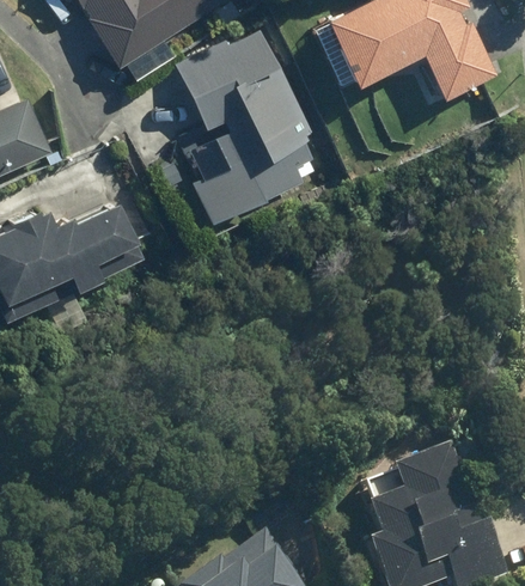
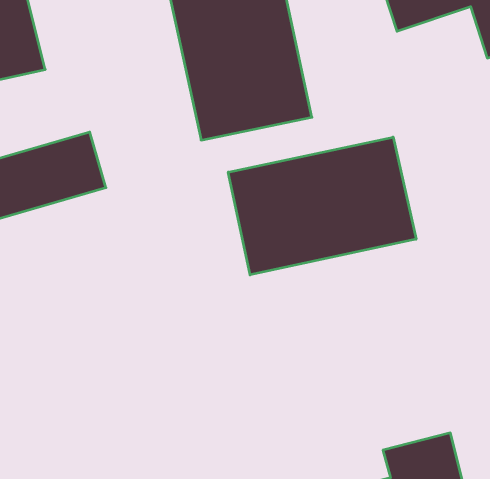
building: none -> [228,137,416,275]

